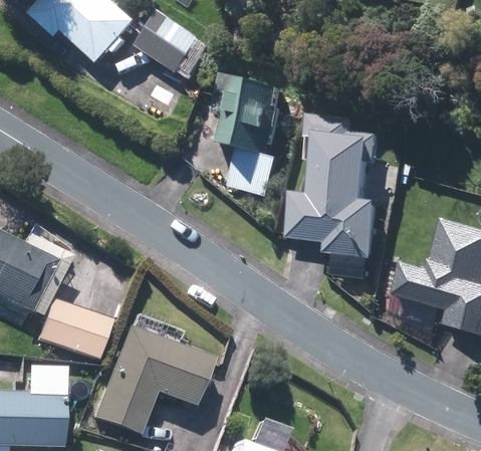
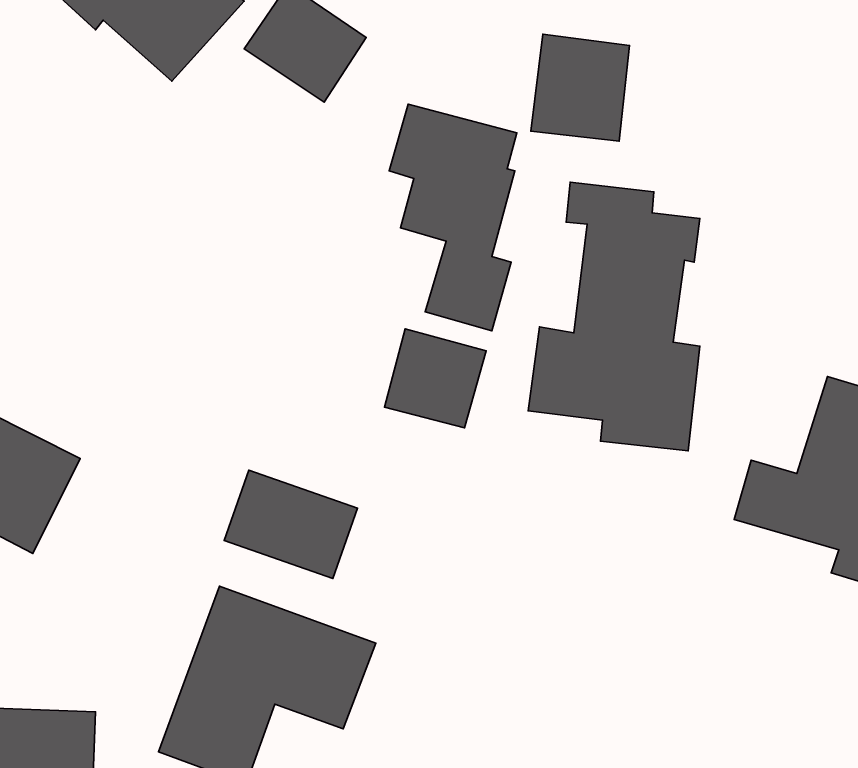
building: none -> [531,34,630,141]
building: none -> [384,329,486,428]
building: [35,300,105,358] -> [224,470,358,579]

